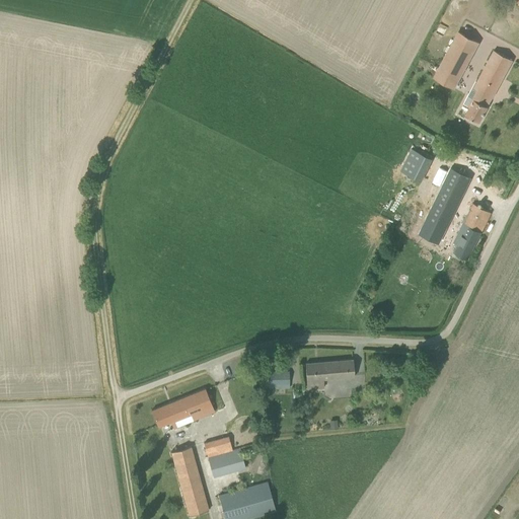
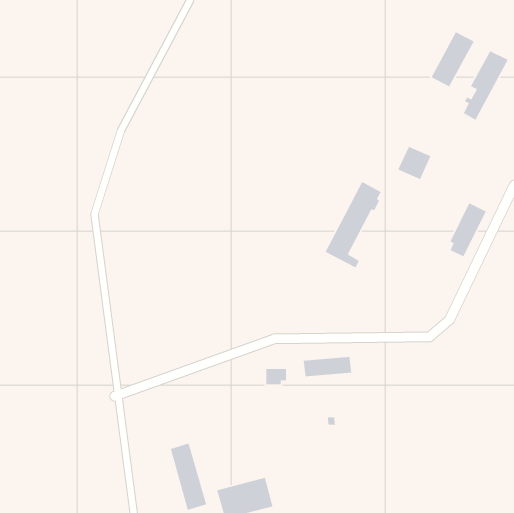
building: [417,162,474,250] -> [325,181,382,268]
building: [151,389,212,428] -> none
building: [204,437,245,477] -> none

